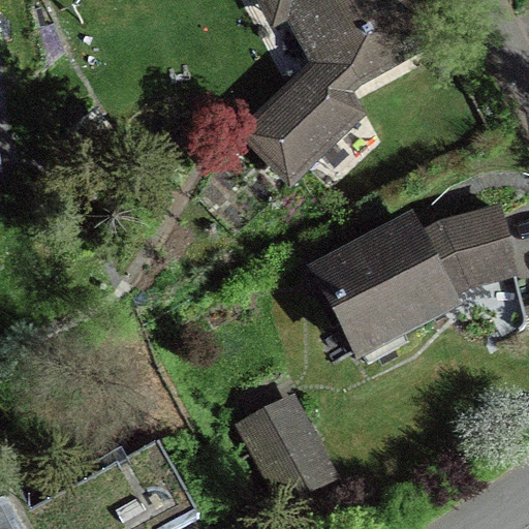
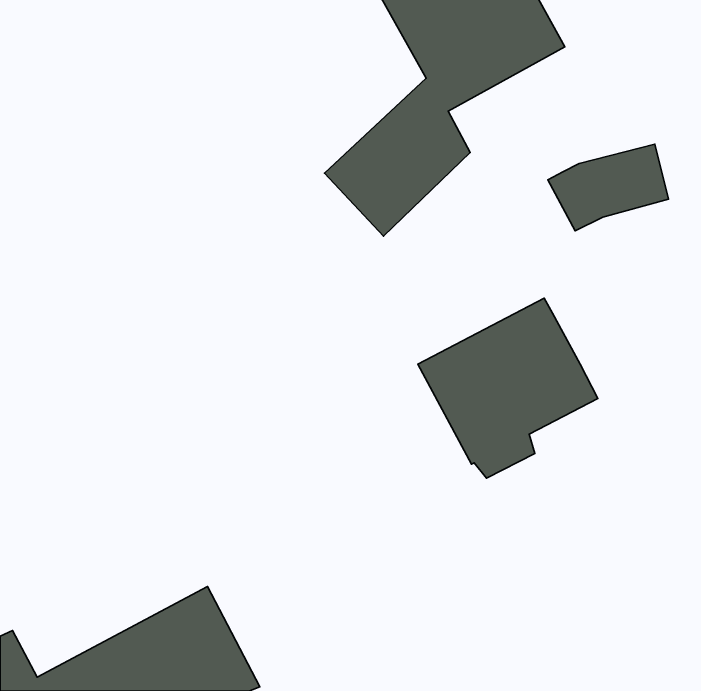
building: [416,209,507,274] -> [548,144,669,231]
building: [242,398,329,499] -> none

